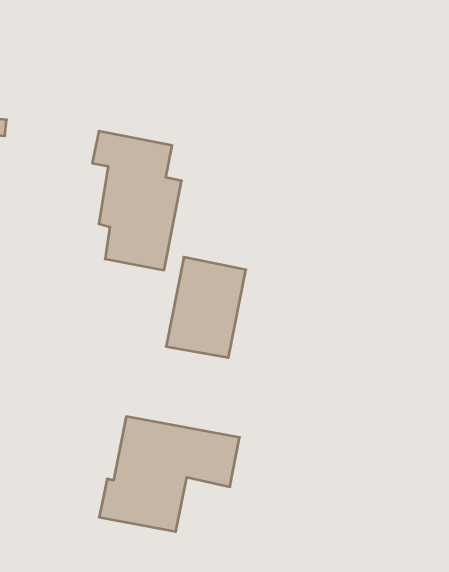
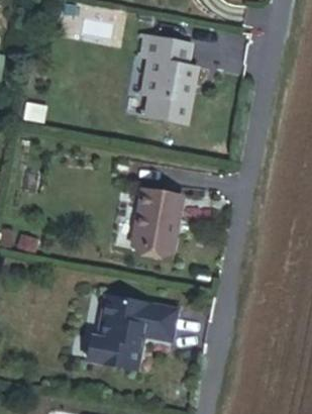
building: [92,131,182,270] -> [138,37,195,125]

